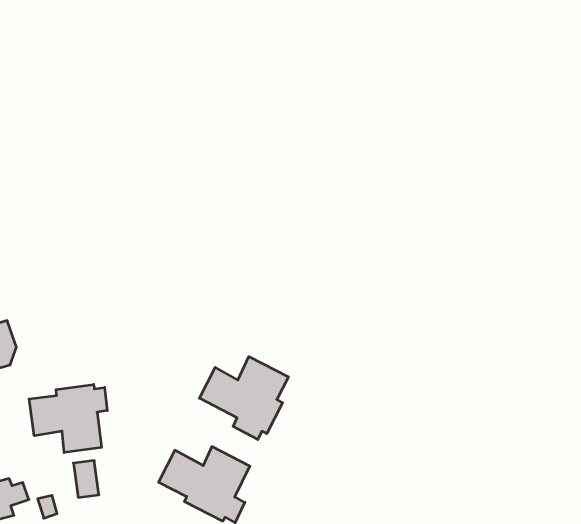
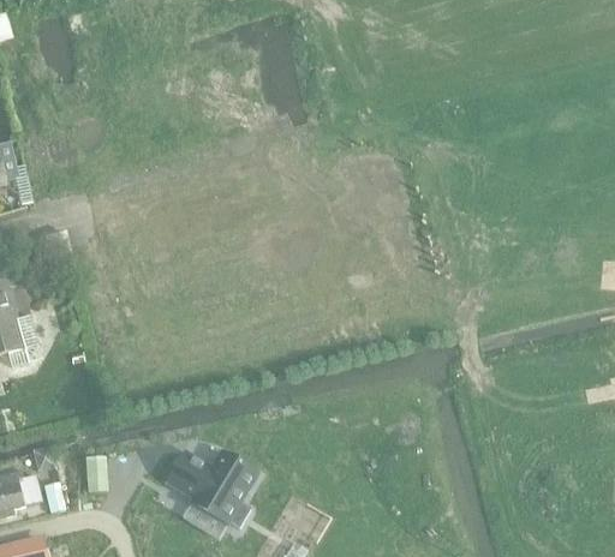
building: [199,357,288,440] -> none
building: [29,384,107,453] -> none

